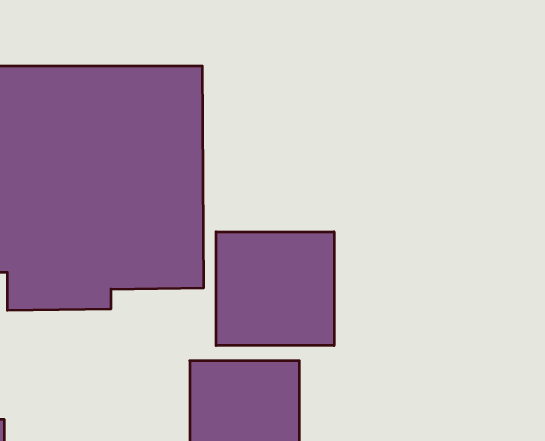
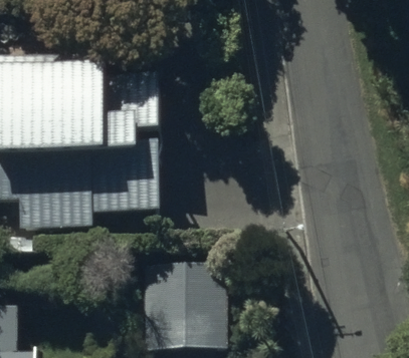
building: [216,232,334,346] -> none

